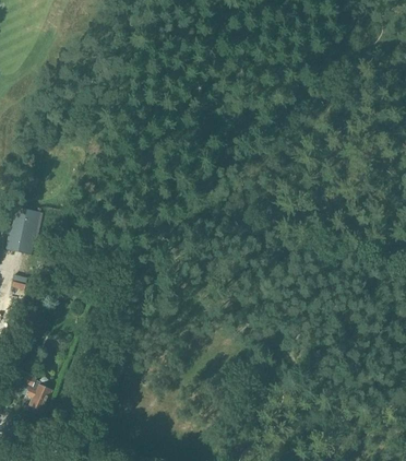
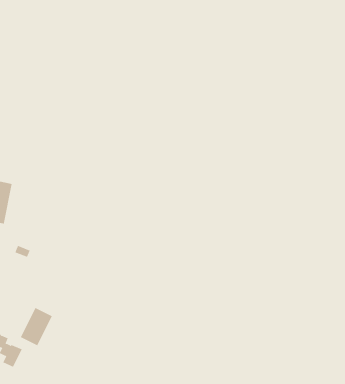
building: none -> [20,307,53,346]

